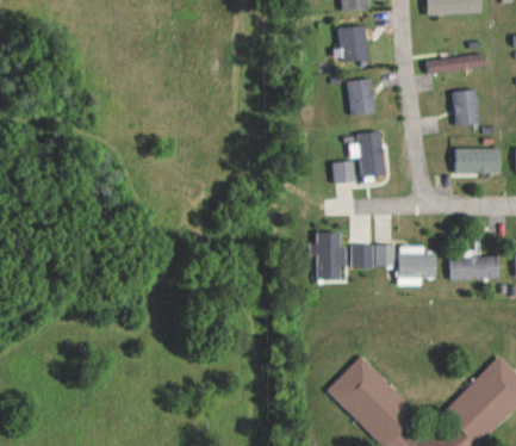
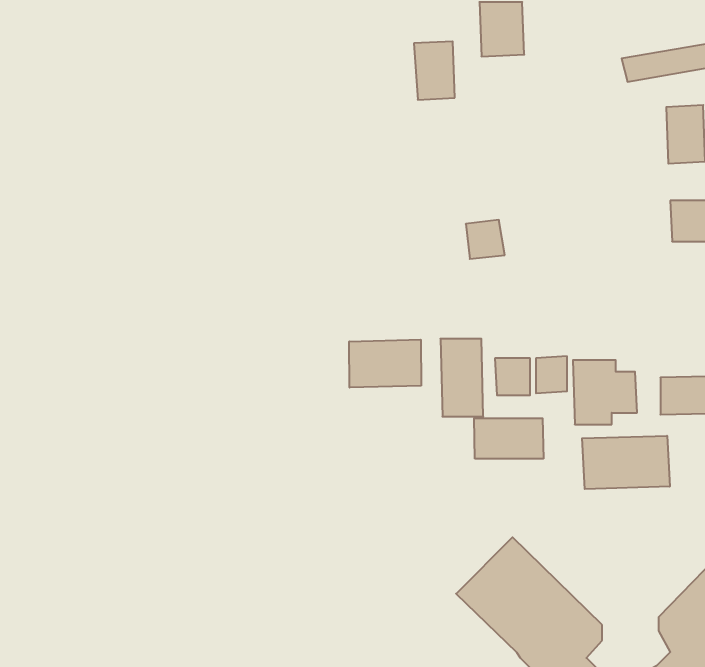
building: [348,80,373,116] -> [414,41,455,100]
building: [348,131,385,178] -> none
building: none -> [349,340,421,388]
building: none -> [474,418,543,459]
building: none -> [582,436,670,489]

